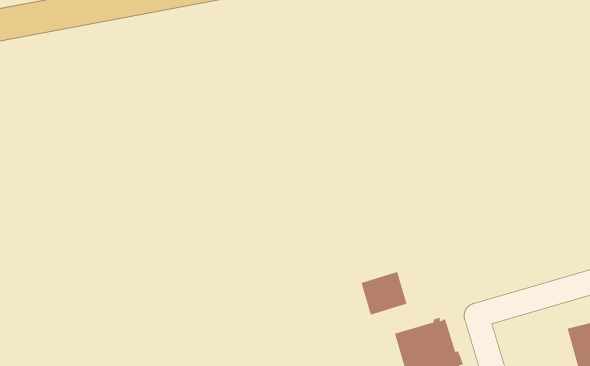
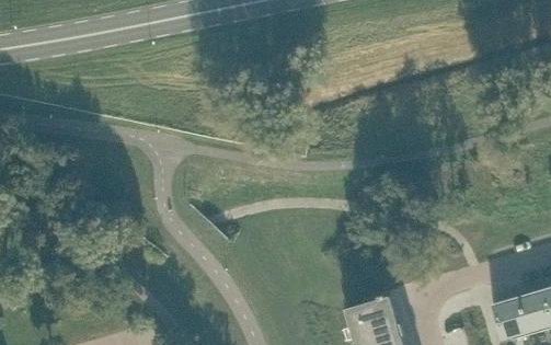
building: [361,271,407,316] -> none

